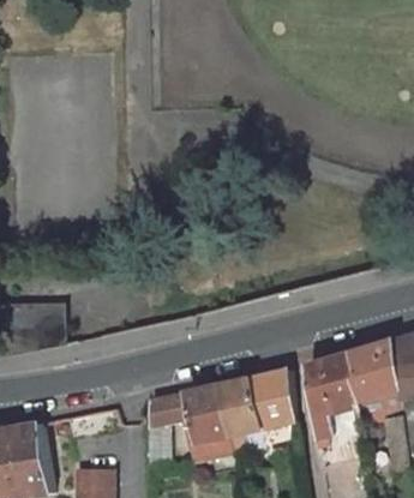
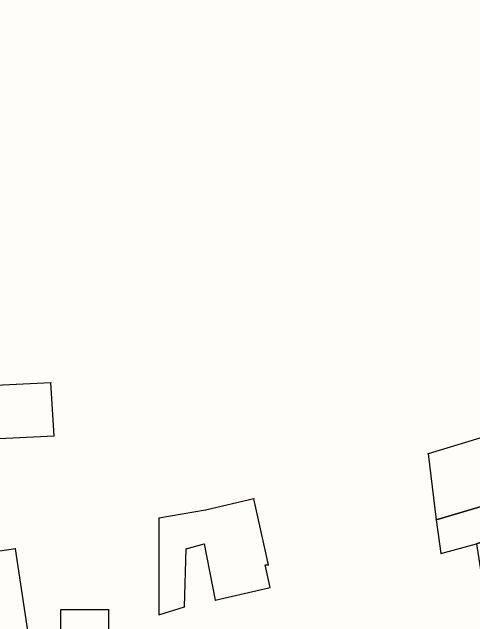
building: [306,352,355,440] -> none
building: [220,368,294,434] -> none

